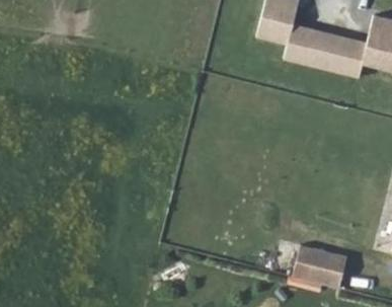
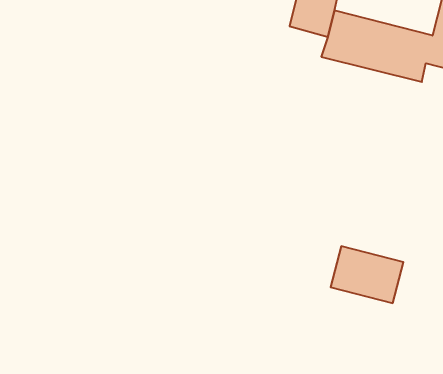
building: [293,245,348,289] -> [331,246,403,303]

